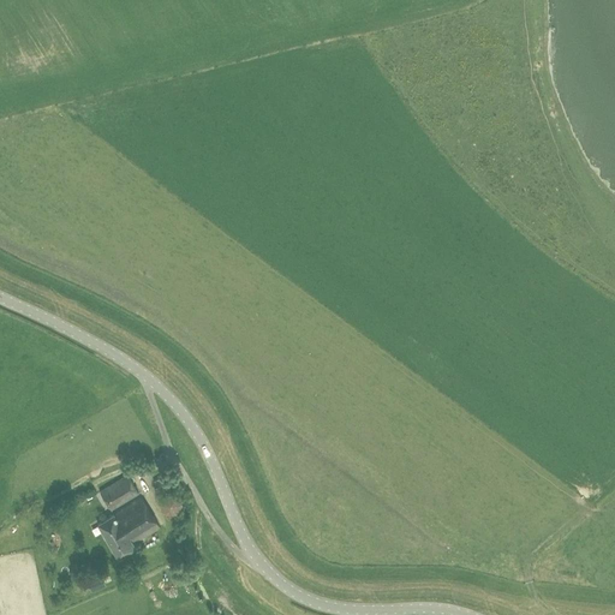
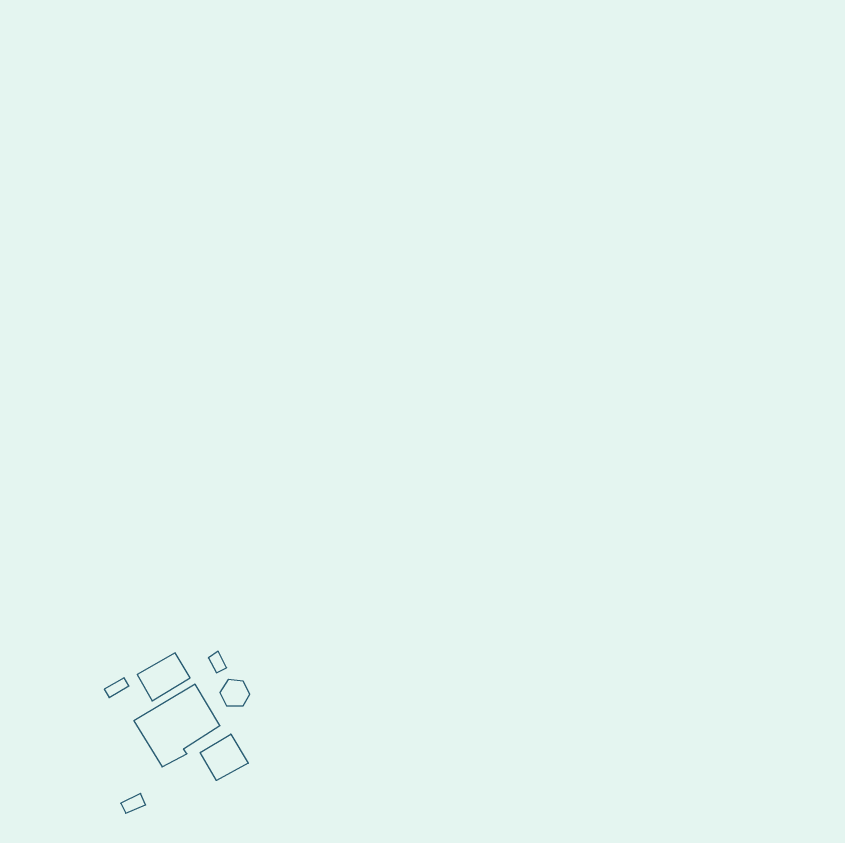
building: none -> [200,734,248,780]

